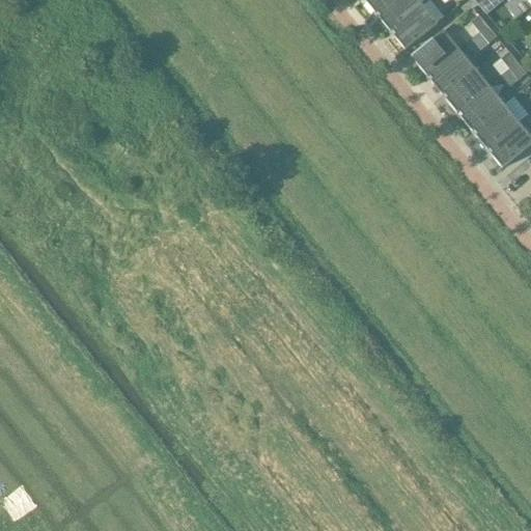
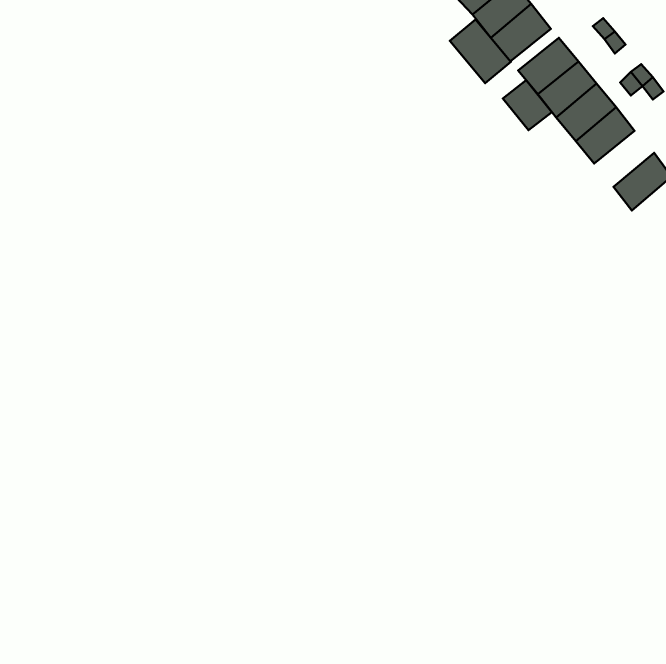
building: none -> [450,20,511,83]
building: none -> [503,80,552,130]
building: [473,104,521,148] -> none

